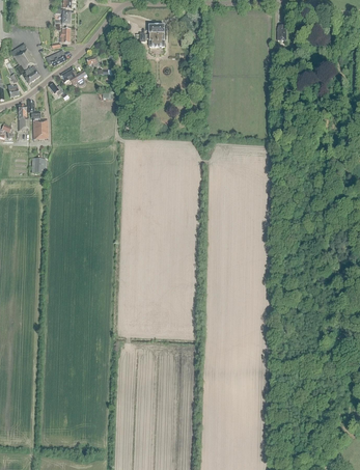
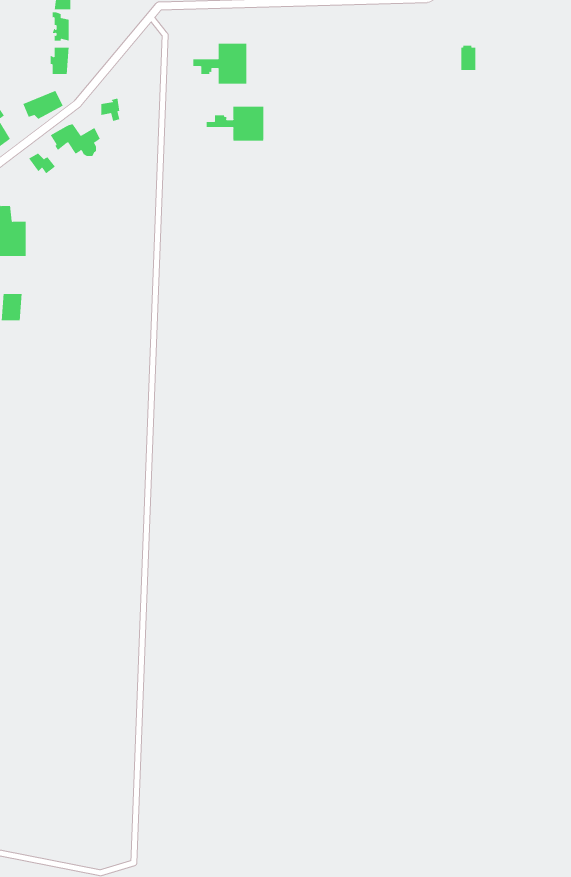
building: none -> [206,106,264,142]

